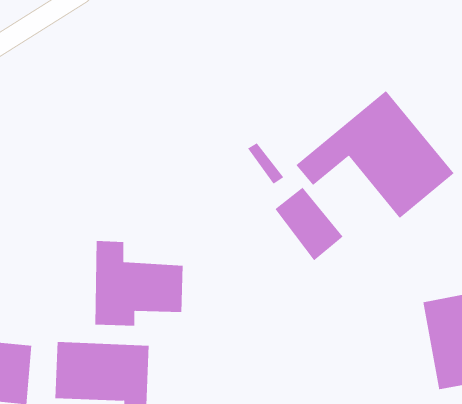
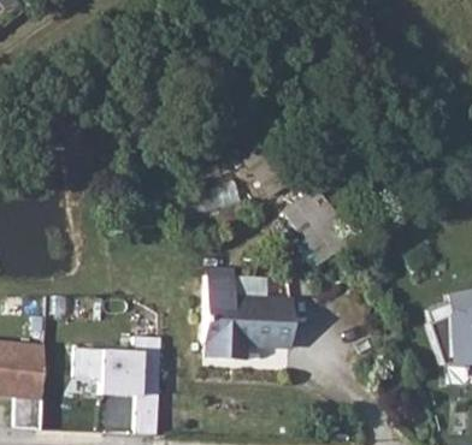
building: [295,90,454,219] -> none
building: [95,241,183,326] -> [206,277,293,360]

